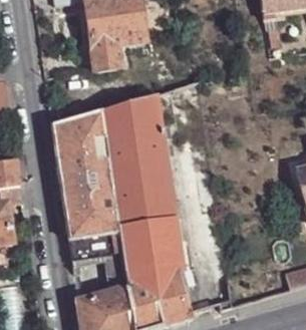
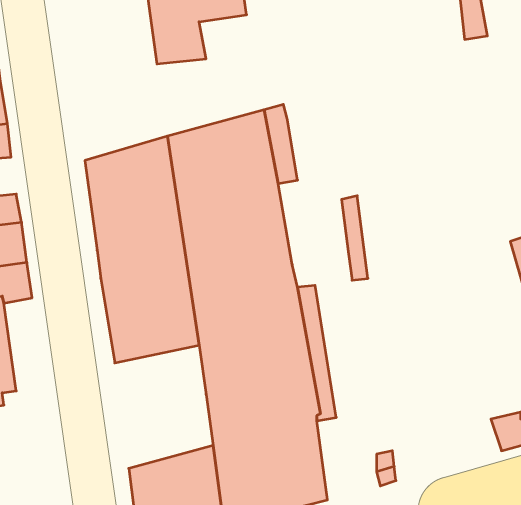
building: [69,230,125,300] -> none

